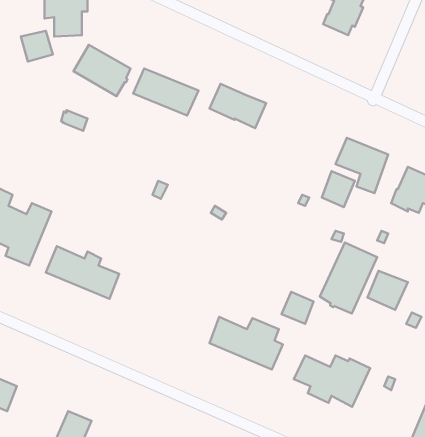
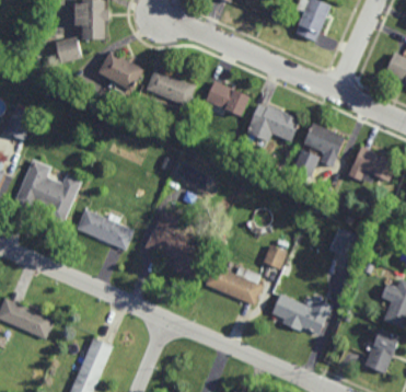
building: none -> [245,103,301,141]
building: [320,242,377,314] -> none
building: none -> [144,209,202,278]

